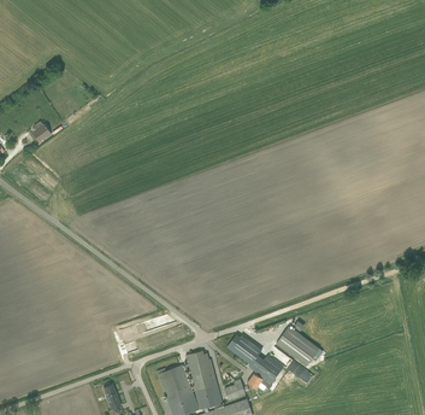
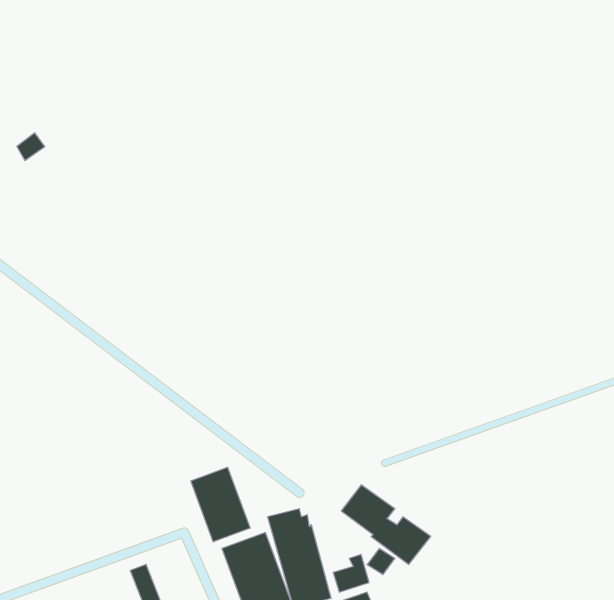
building: none -> [191,467,250,542]
building: [273,327,318,367] -> none

